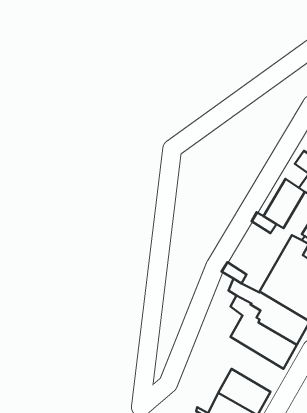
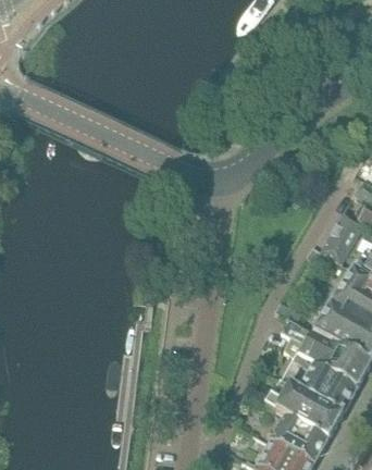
building: none -> [268,379,340,438]

